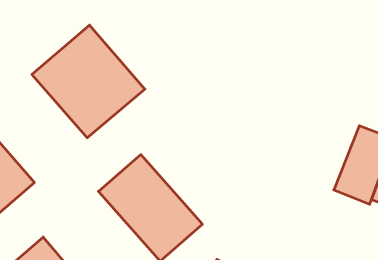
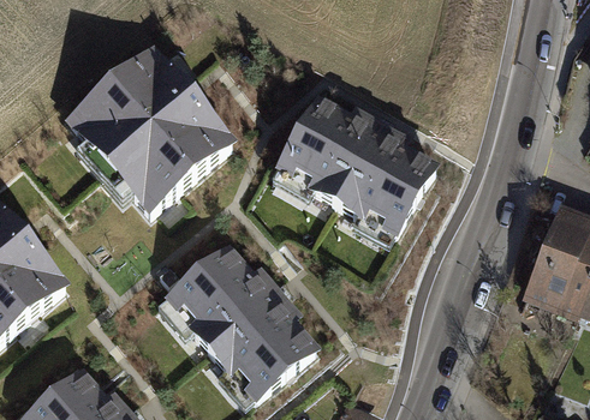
building: none -> [274,97,439,241]

